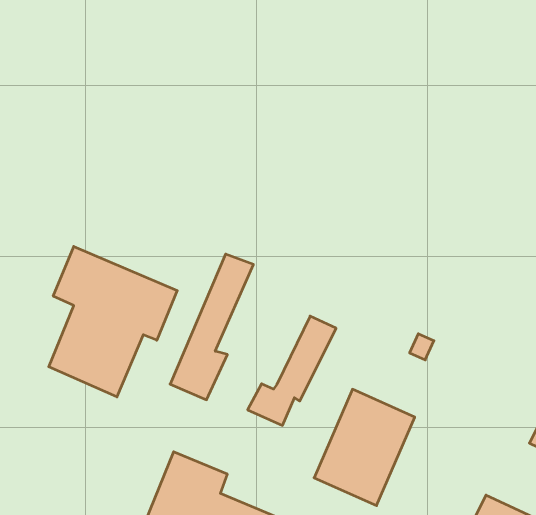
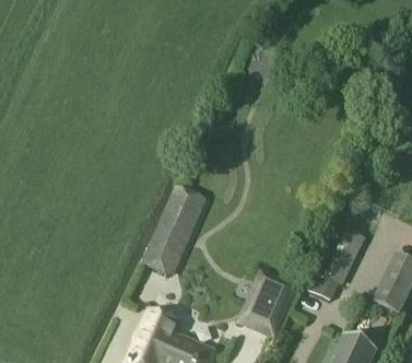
building: [49,246,177,397] -> none
building: [248,316,336,425] -> [308,227,364,296]

